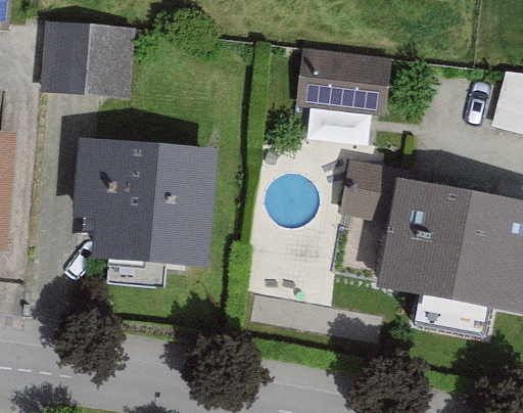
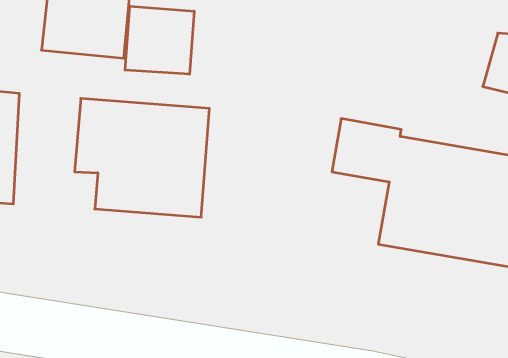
building: none -> [125,6,194,74]
building: [294,54,389,118] -> none

